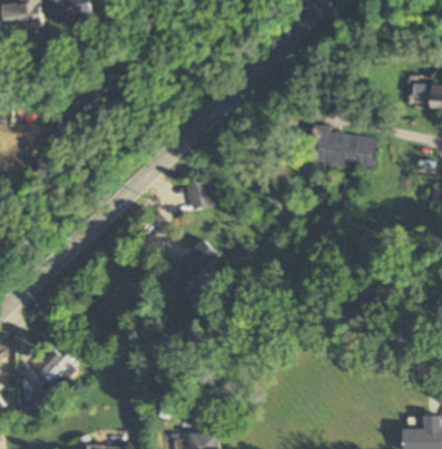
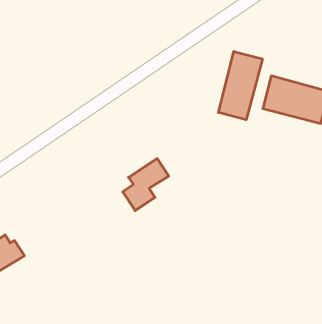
building: none -> [218,51,262,120]
building: [187,180,212,209] -> none

